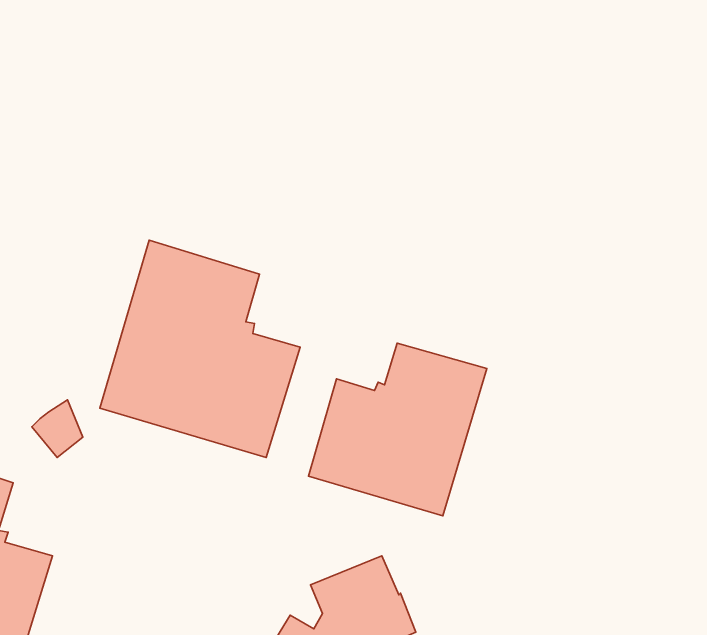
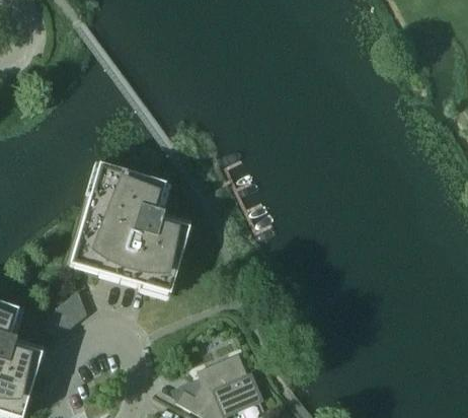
building: [309,343,487,516] -> none
building: [32,400,83,458] -> [57,291,87,326]

